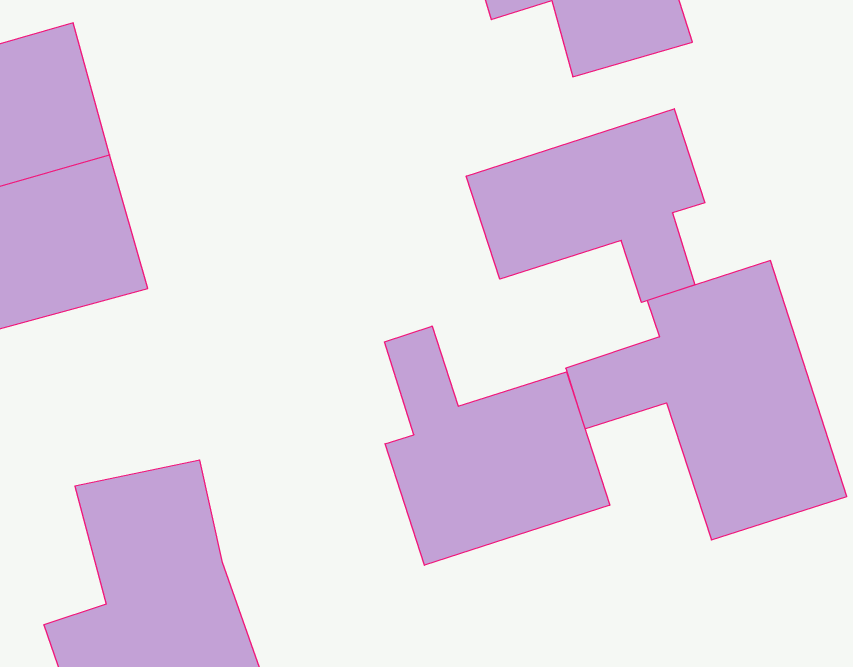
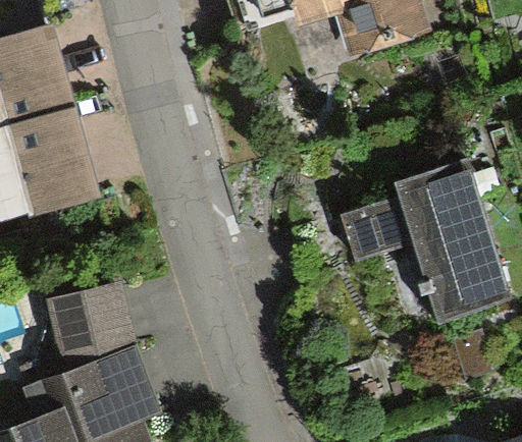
building: [466,109,705,302] -> none
building: [385,326,610,565] -> none

